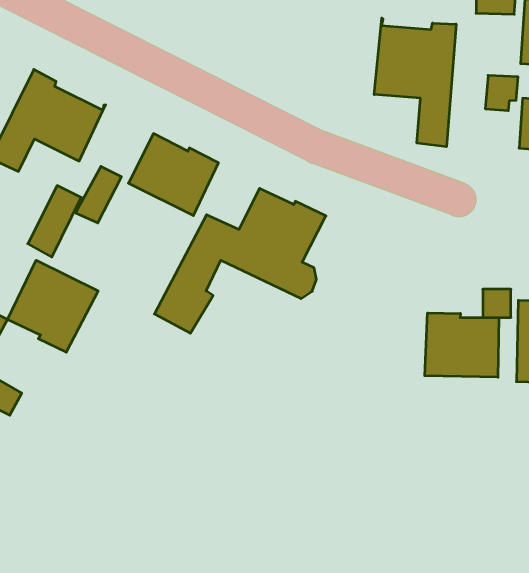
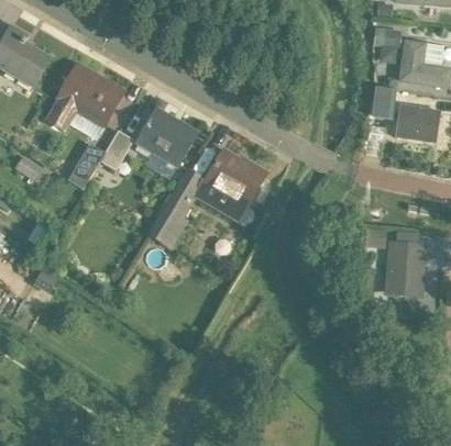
building: [374,18,456,147] -> none
building: [7,260,98,352] -> none
building: [425,313,499,377] -> none

